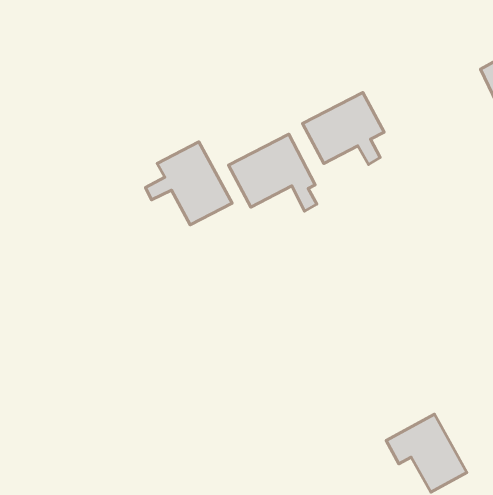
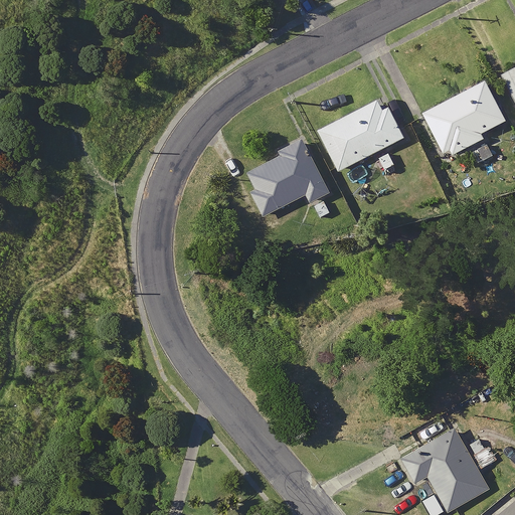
building: none -> [425,81,504,157]
building: [145,142,232,225] -> none

